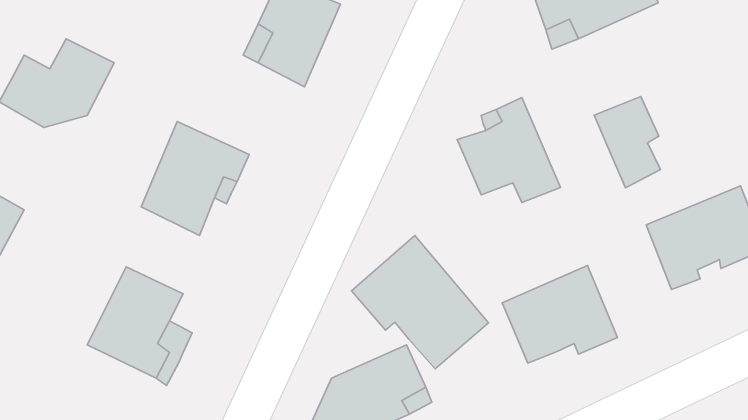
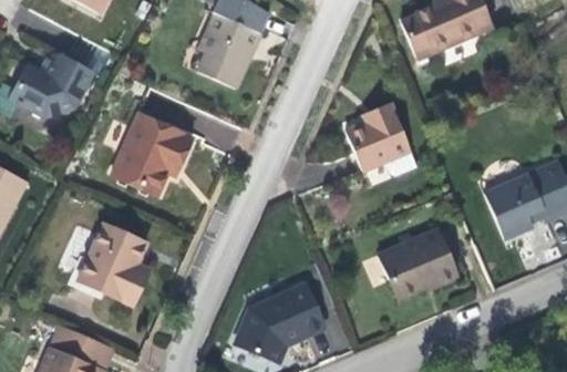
building: [594,96,660,188] -> none
building: [352,235,489,369] -> none

